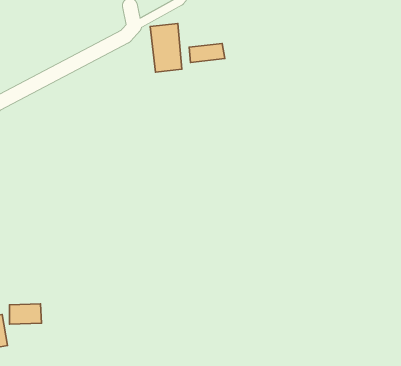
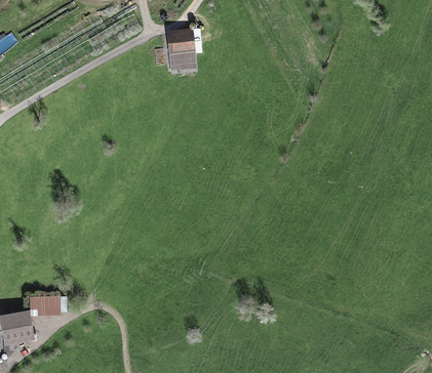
building: [189,43,225,63] -> none

